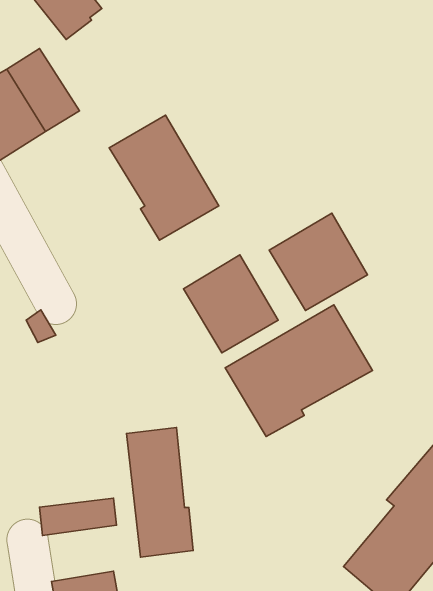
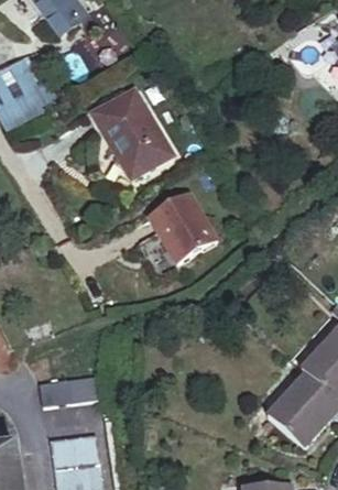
building: [269,213,368,310] -> none
building: [225,305,372,437] -> none
building: [126,428,193,557] -> none

